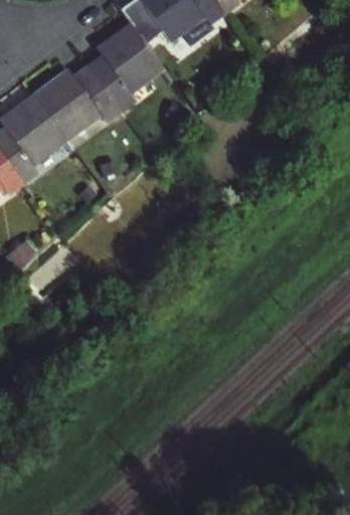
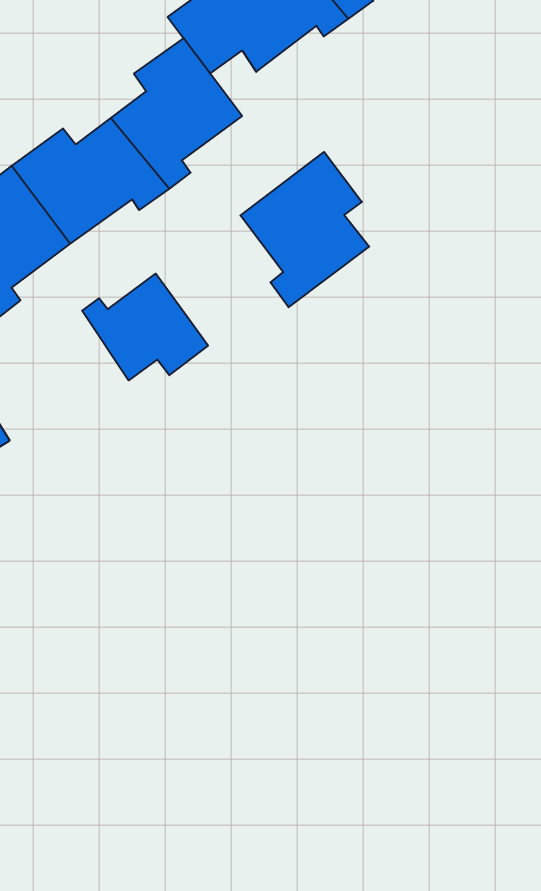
building: none -> [240,152,369,307]
building: none -> [82,274,208,380]

